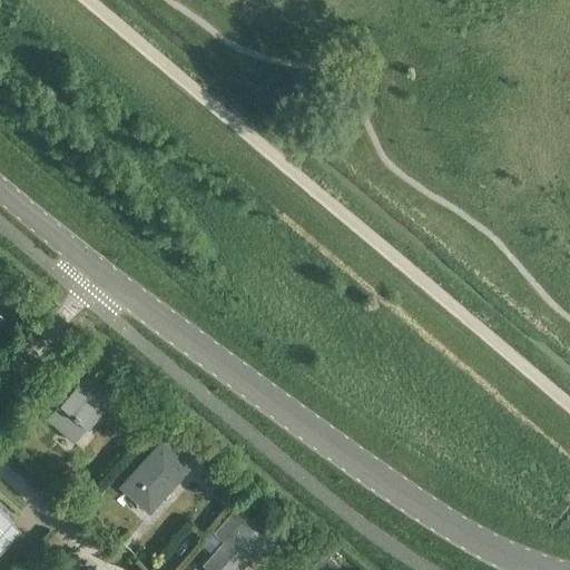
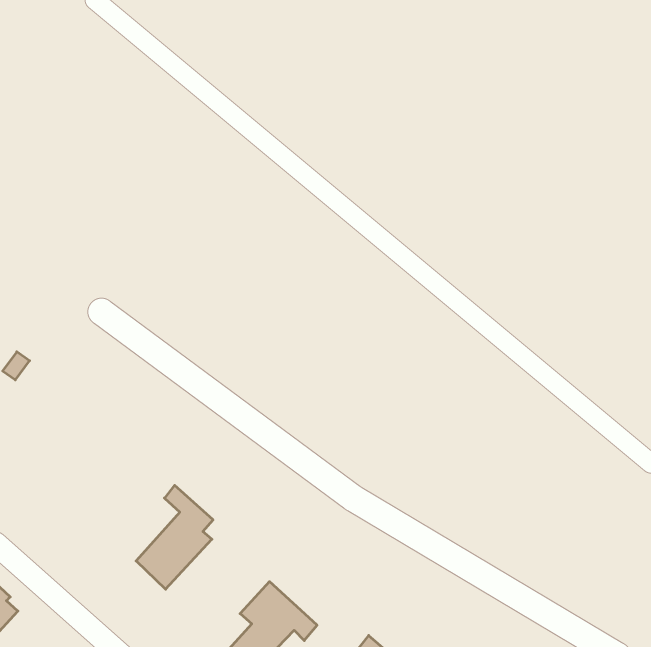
building: [41,377,111,450] -> none

